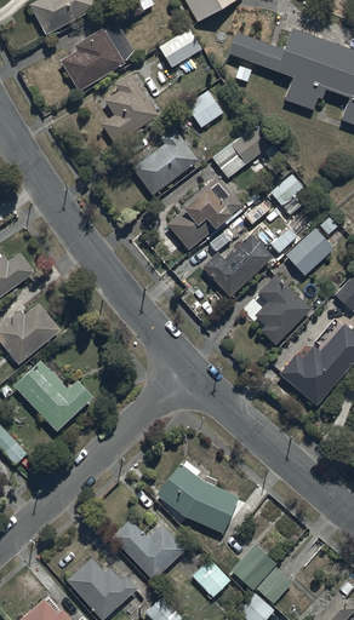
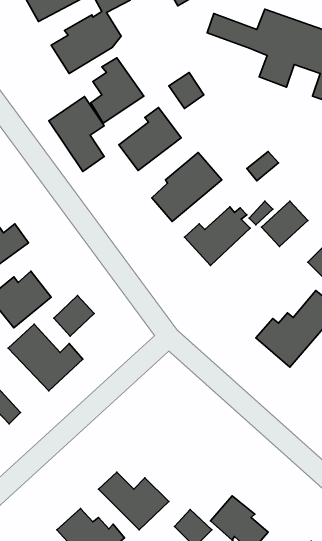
building: [159,29,201,68] -> none
building: none -> [49,96,104,172]
building: [212,127,279,179] -> none
building: [242,274,312,345] -> none
building: none -> [54,296,94,336]
building: [158,460,240,534] -> none

